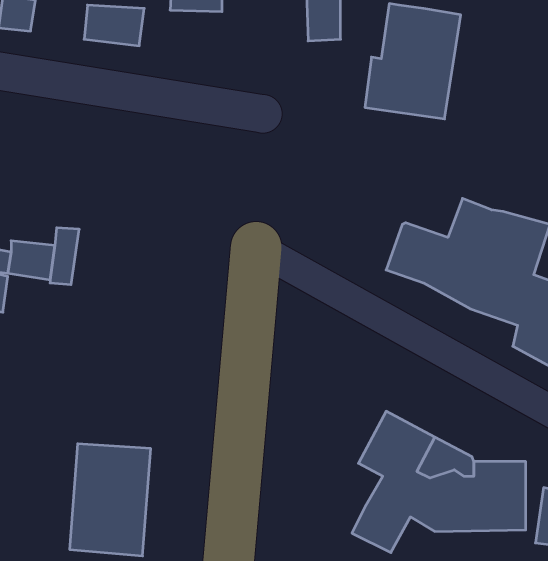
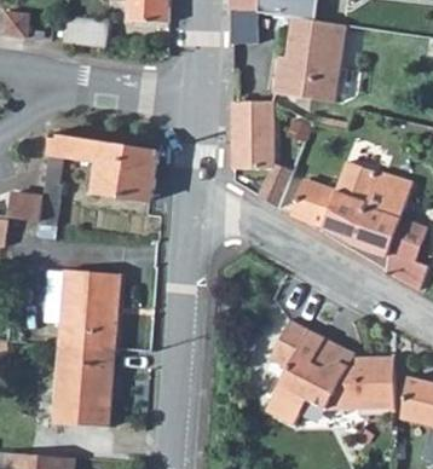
building: none -> [231,102,291,208]
building: none -> [47,133,157,202]
building: none -> [44,270,119,348]

